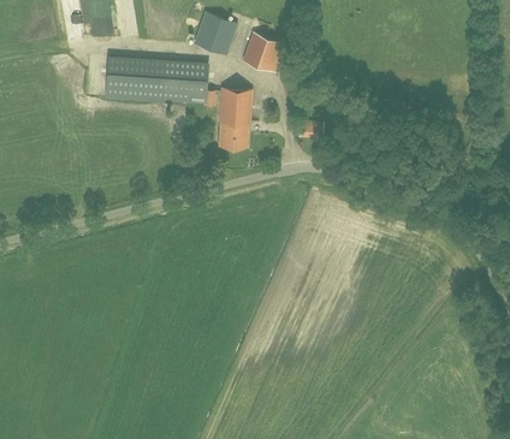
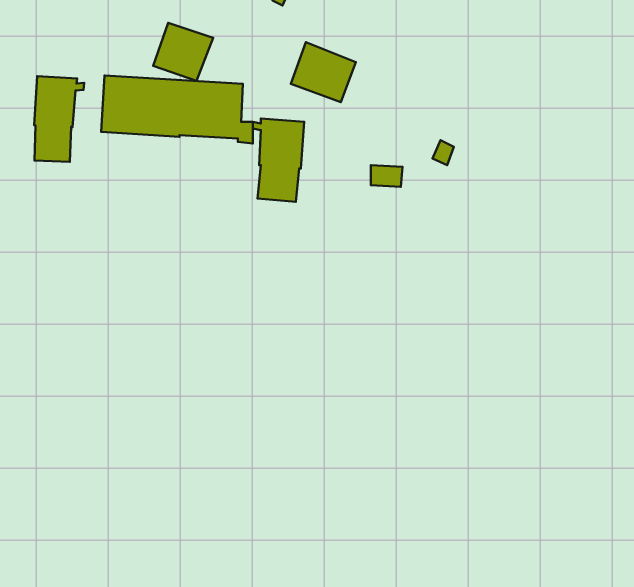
building: [194,13,237,55] -> [153,23,213,81]
building: none -> [34,76,84,162]

